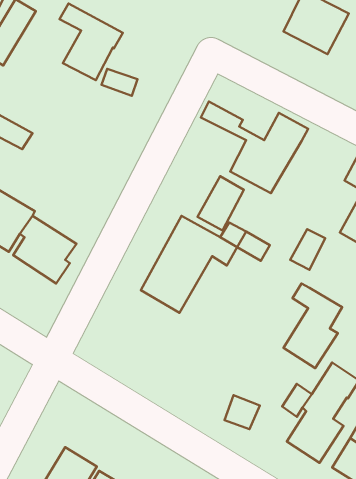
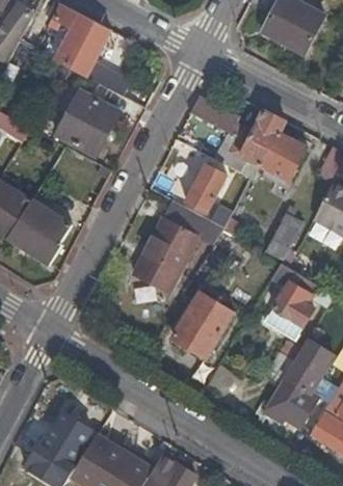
building: none -> [61,96,121,156]
building: none -> [259,134,302,181]
building: none -> [172,292,232,356]

